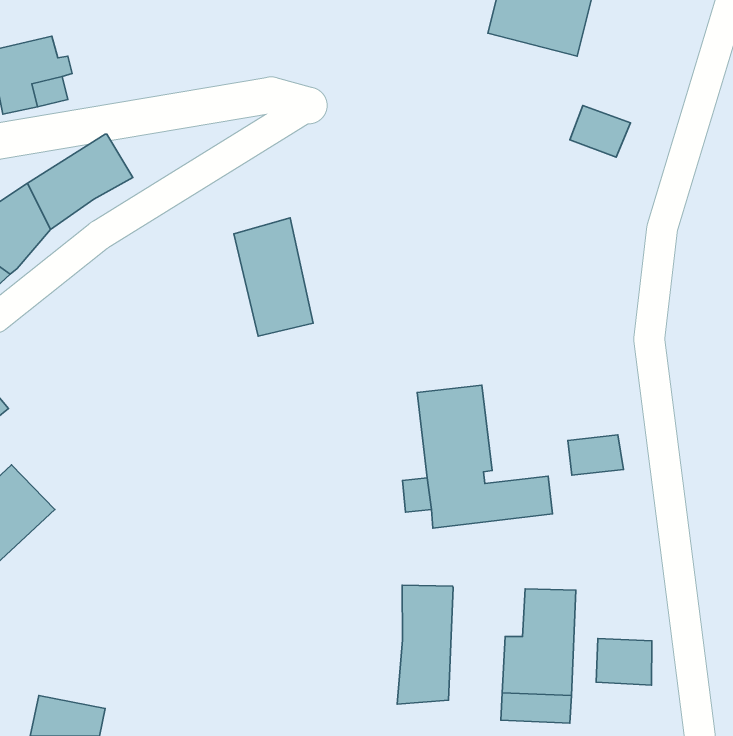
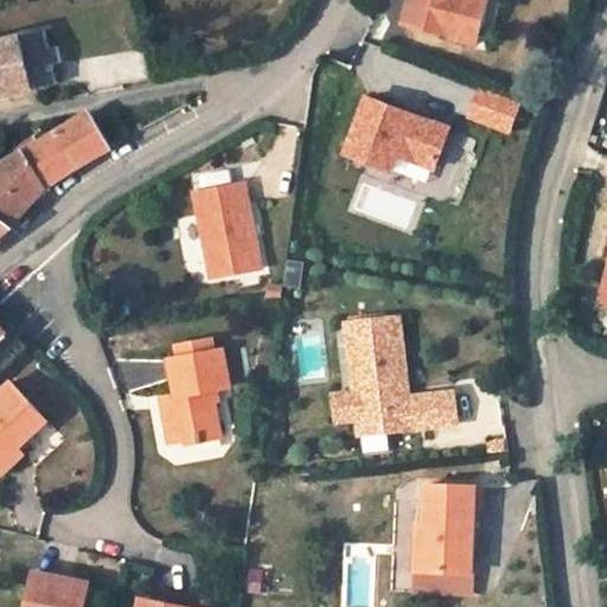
building: none -> [344,97,446,170]
building: none -> [171,349,228,445]
building: [568,435,623,475] -> none
building: [397,585,453,704] -> none
building: [596,639,652,685] -> none

